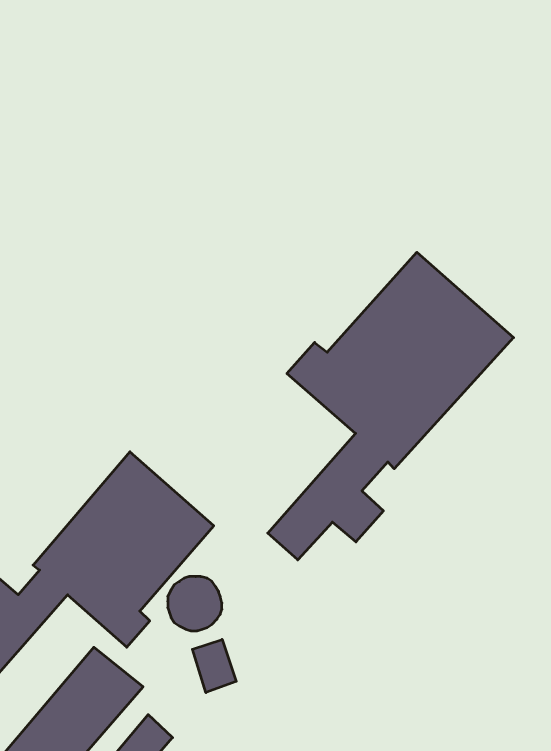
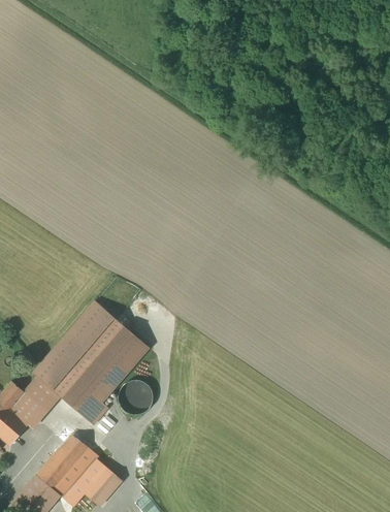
building: [268,252,514,560] -> none
building: [192,639,236,693] -> none

